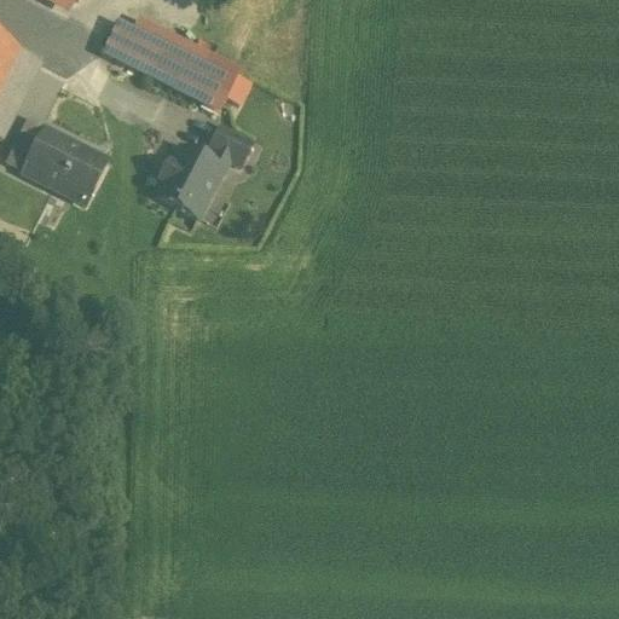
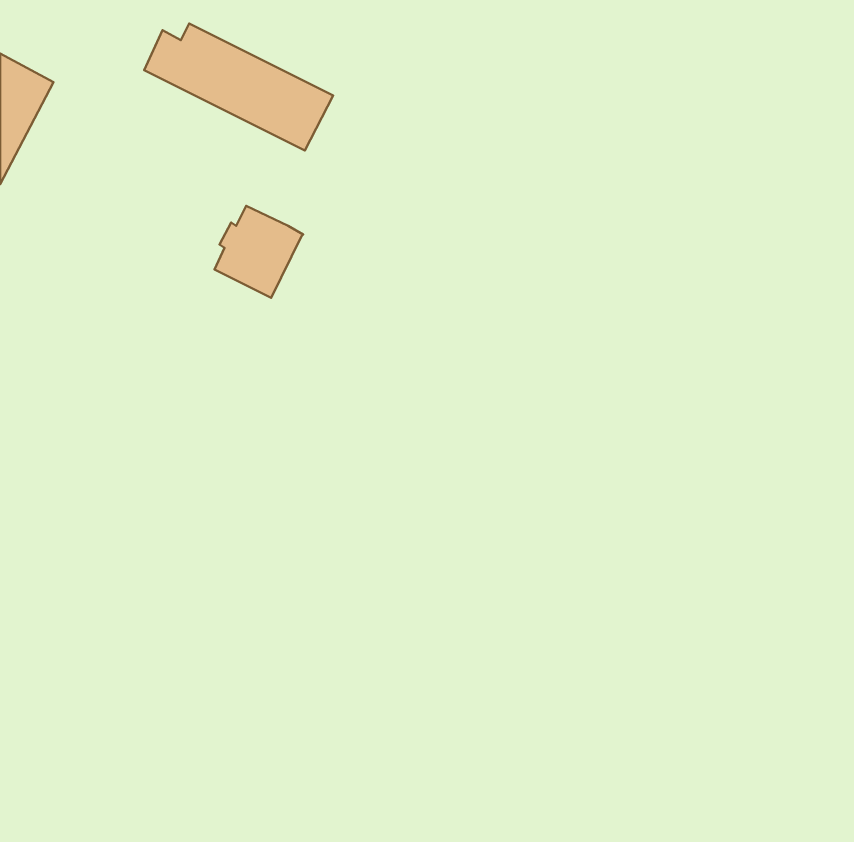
building: [7,127,108,202] -> none
building: [209,127,251,173] -> none

